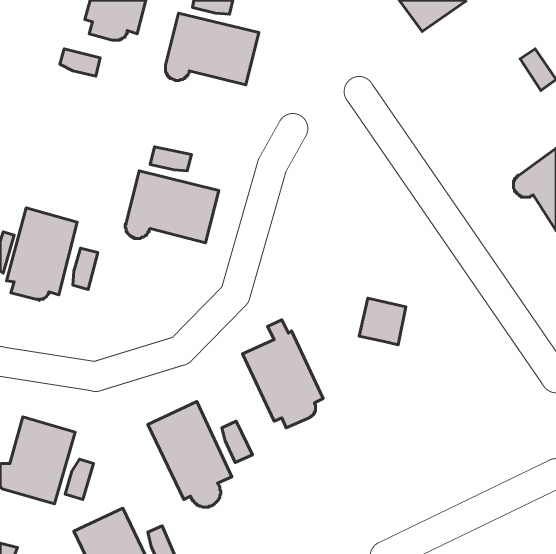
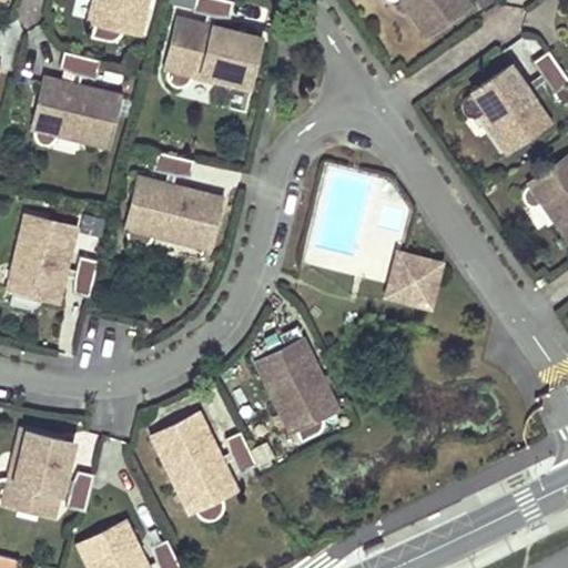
building: none -> [465,64,556,154]
building: none -> [33,77,121,148]
building: [359,298,406,345] -> [392,255,439,303]

